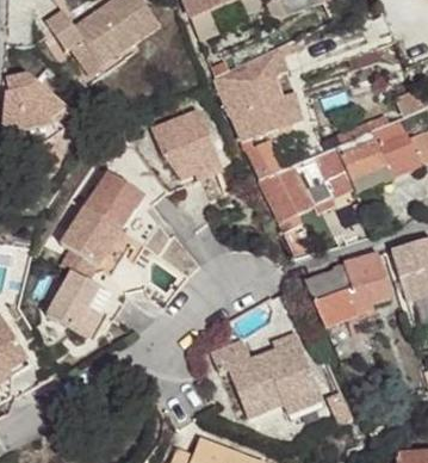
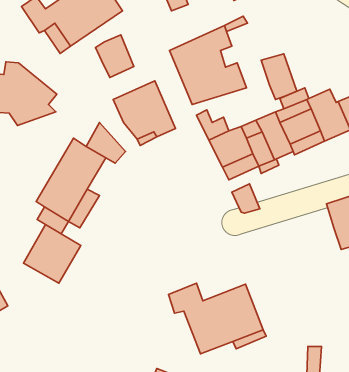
building: none -> [96,35,134,78]
building: none -> [261,54,297,99]
building: [303,249,391,325] -> none

